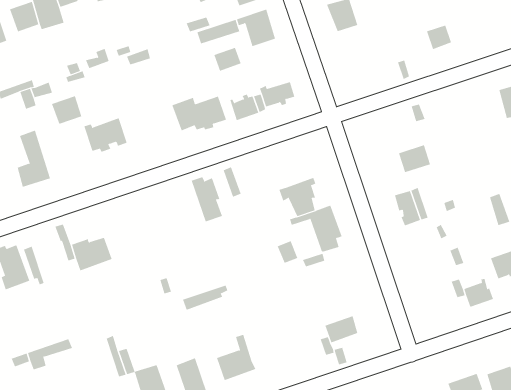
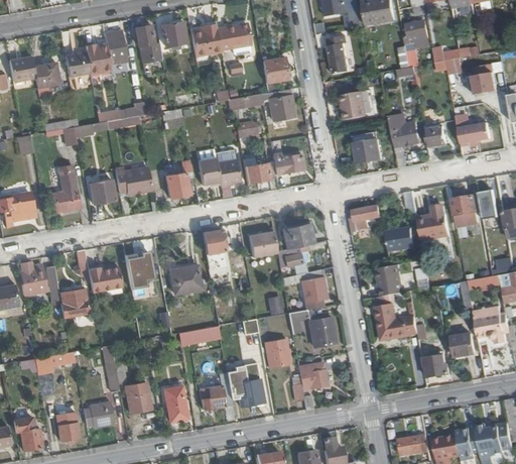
building: none -> [456,115,490,146]
building: none -> [390,113,419,146]
building: none -> [353,138,382,163]
building: [51,96,82,125] -> [89,181,114,204]
building: none -> [450,196,477,224]
building: none -> [415,207,445,234]
building: none -> [164,172,188,198]
building: none -> [347,204,380,232]
building: none -> [280,222,310,247]
building: none -> [247,228,276,253]
building: none -> [127,248,156,286]
building: none -> [169,265,203,295]
building: none -> [374,304,409,340]
building: none -> [308,317,336,346]
building: none -> [61,289,90,319]
building: none -> [266,338,292,367]
building: none -> [227,367,265,404]

